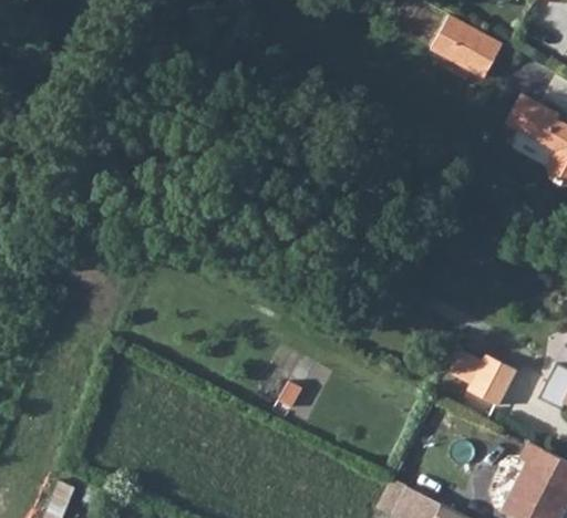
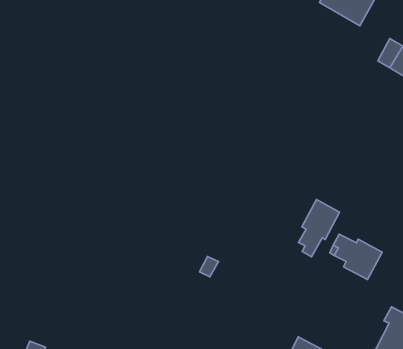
building: none -> [299,200,340,257]

